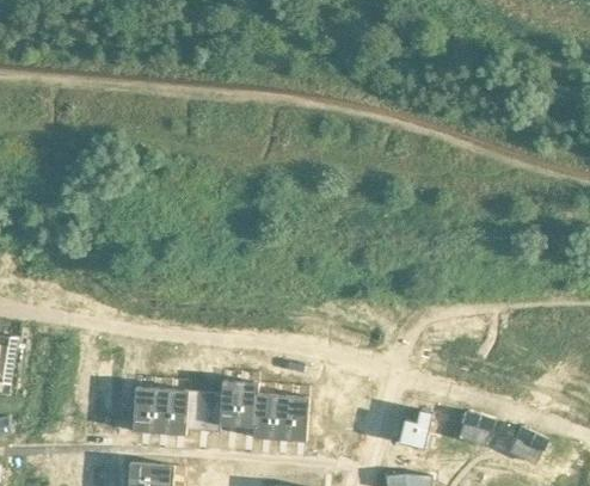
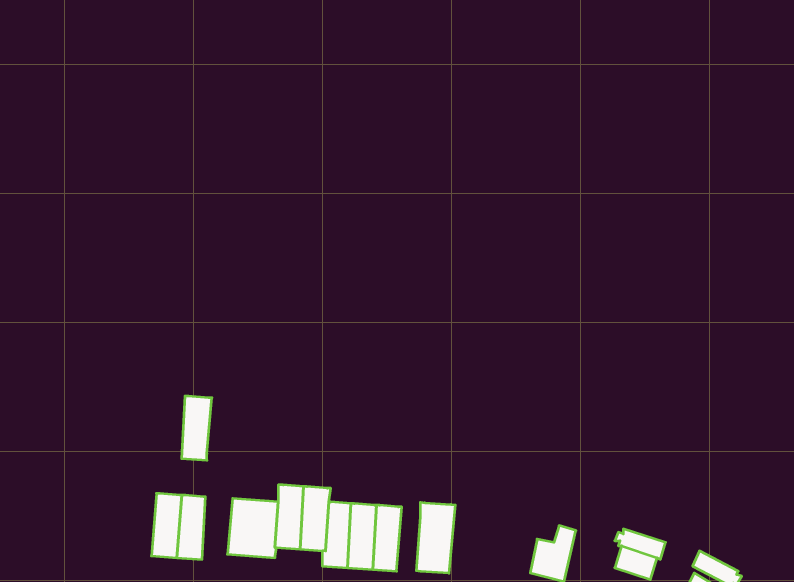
building: [165,389,186,435] -> [182,396,212,460]
building: none -> [416,502,455,573]

